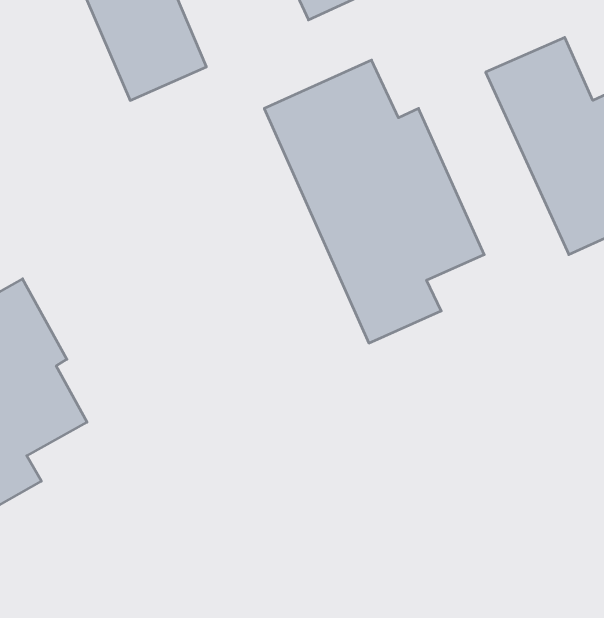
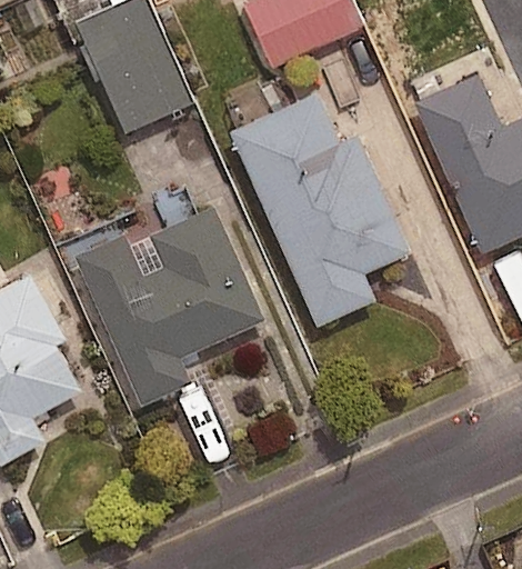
building: none -> [77,207,265,403]

